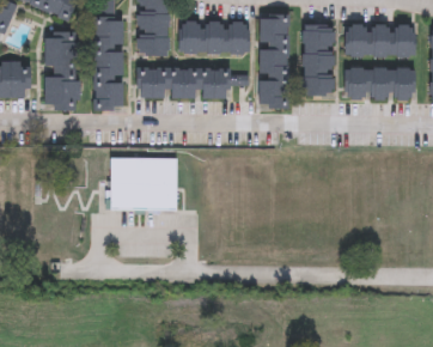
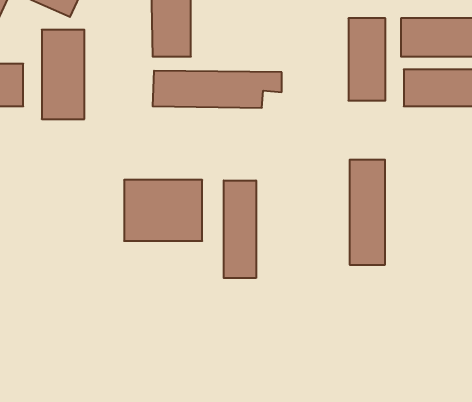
building: [258,17,288,105] -> [350,160,385,265]
building: [91,18,122,109] -> none
building: [181,20,249,51] -> none
building: none -> [224,180,256,278]

